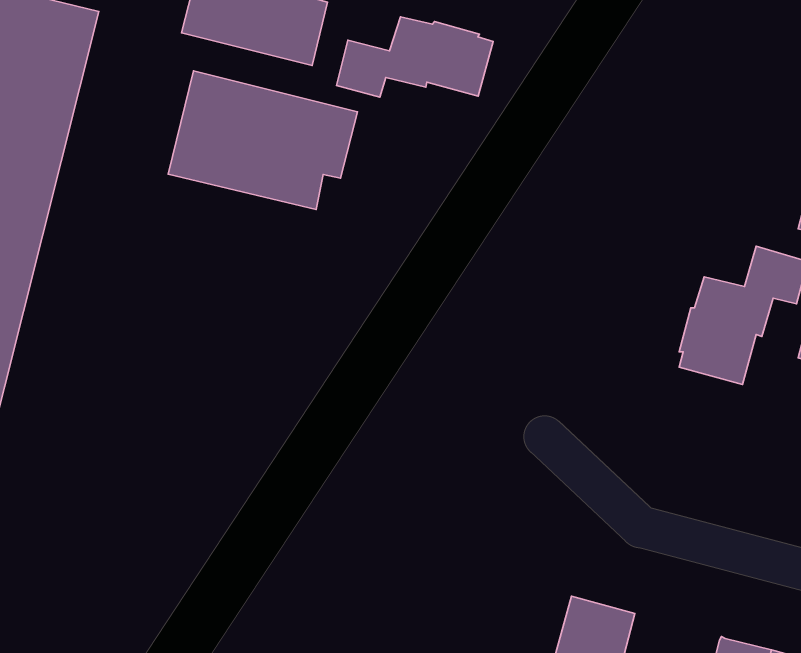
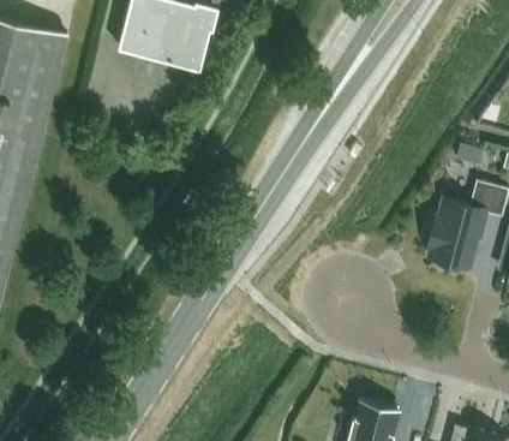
building: [337,17,493,97] -> none
building: [168,71,358,210] -> none

